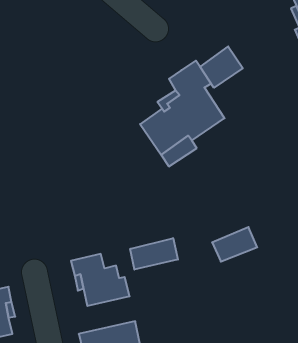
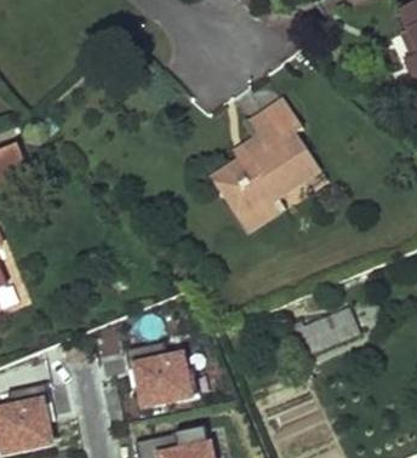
building: [200,46,243,88] -> none
building: [130,238,178,270] -> none

